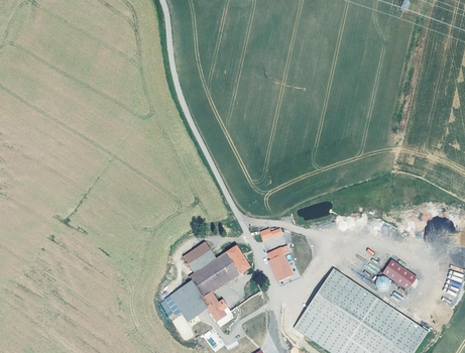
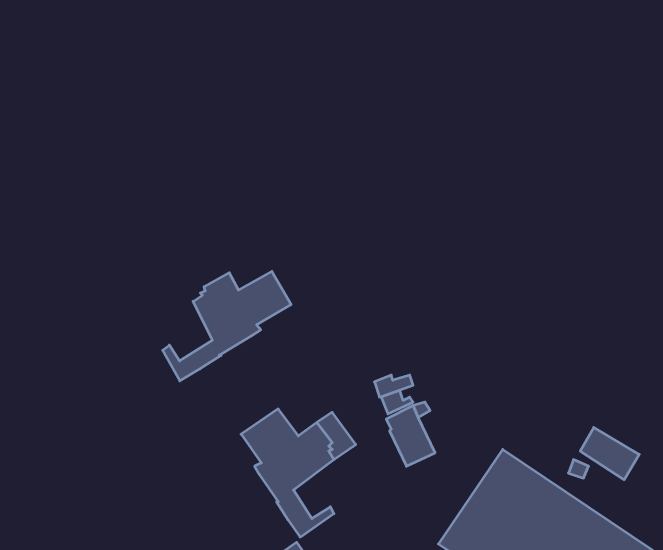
building: none -> [163,271,291,381]
building: [169,284,207,325] -> none

